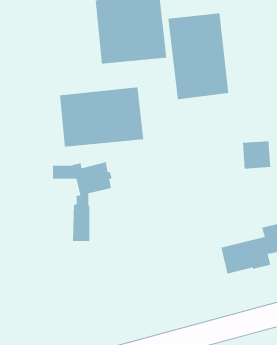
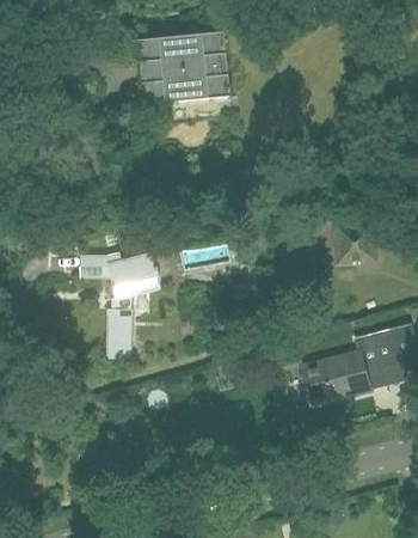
building: [167,12,229,100] -> none
building: [59,87,144,147] -> none

